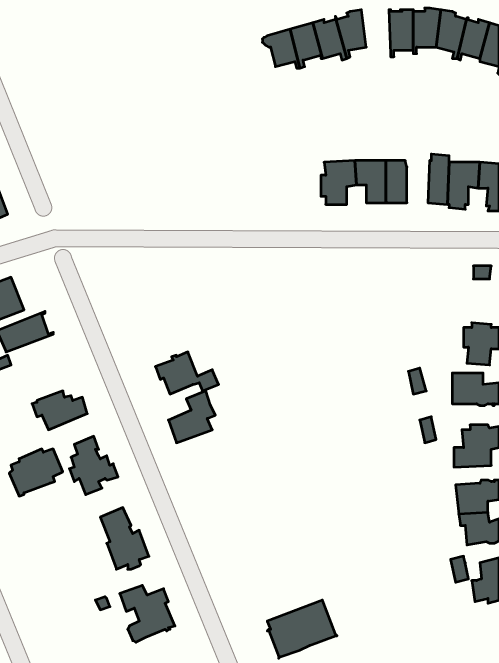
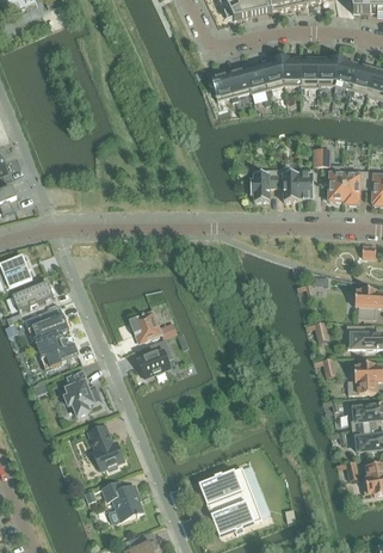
building: none -> [279,56,301,90]
building: [9,449,63,496] -> [30,313,69,348]
building: none -> [198,467,251,508]

